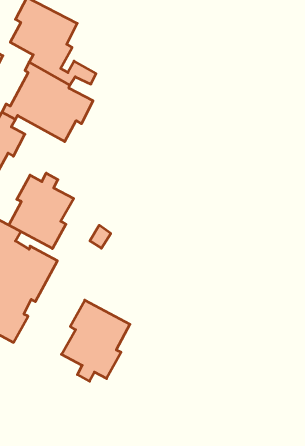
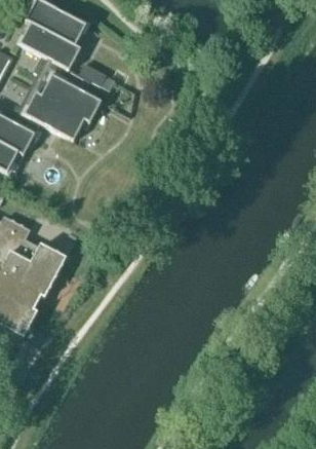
building: [9,173,74,249] -> none
building: [61,300,130,381] -> none

